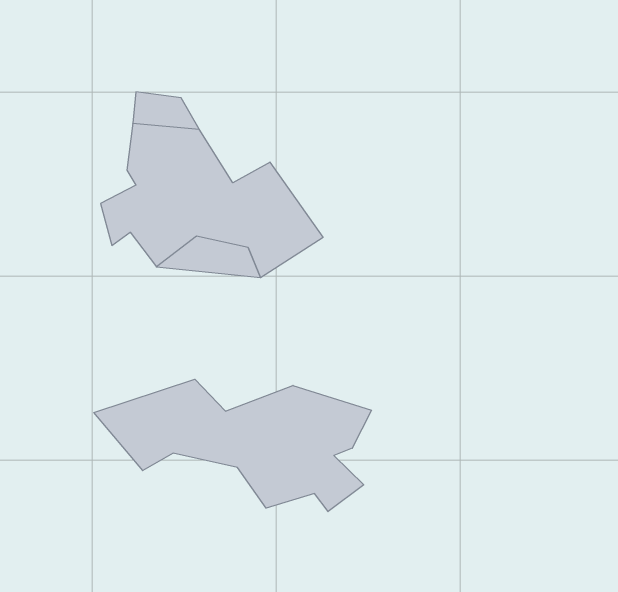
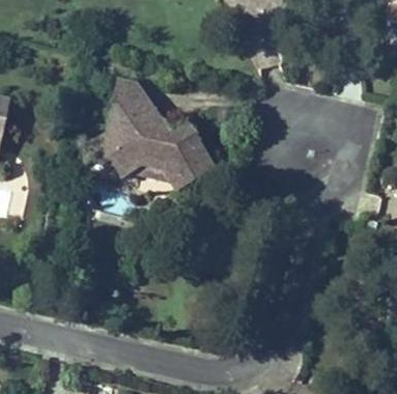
building: [94,379,371,512] -> none

